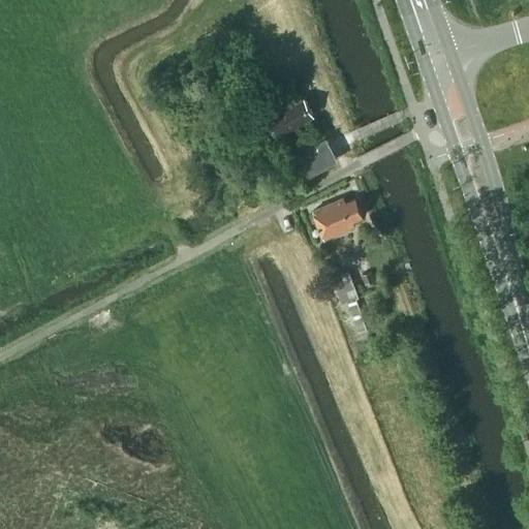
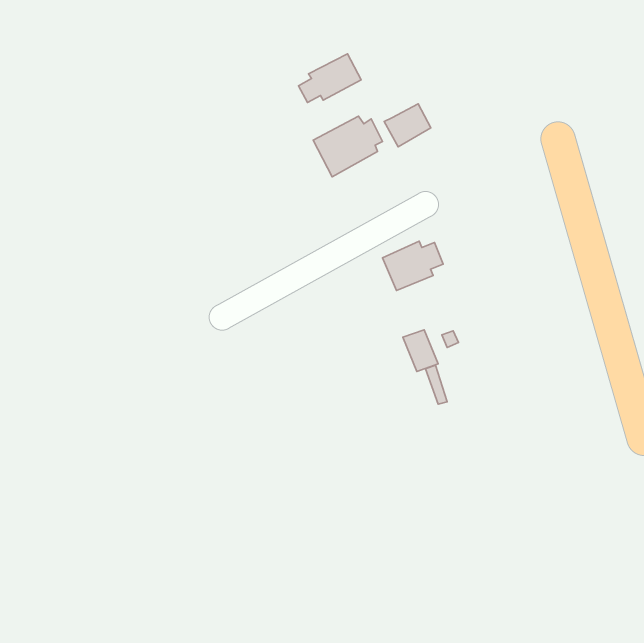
building: none -> [298,54,361,102]
building: [298,141,336,176] -> [384,104,431,147]

